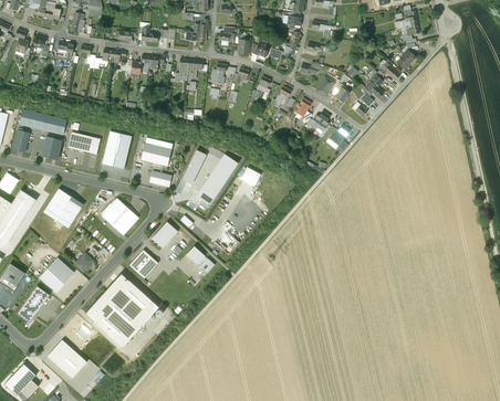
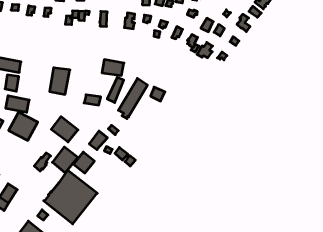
building: [66,131,100,156] -> [6,96,29,112]
building: [139,143,170,166] -> [102,60,124,75]
building: [39,257,74,293] -> [52,147,78,173]

